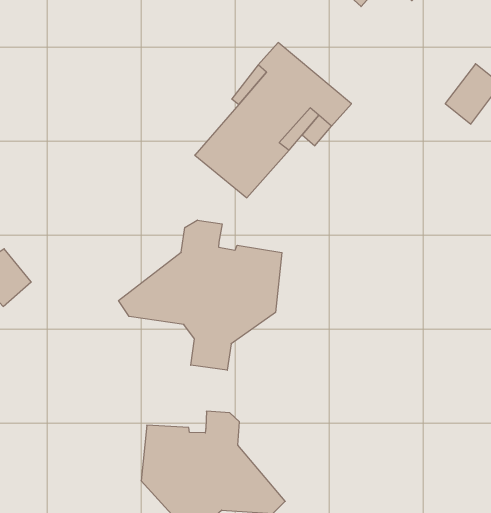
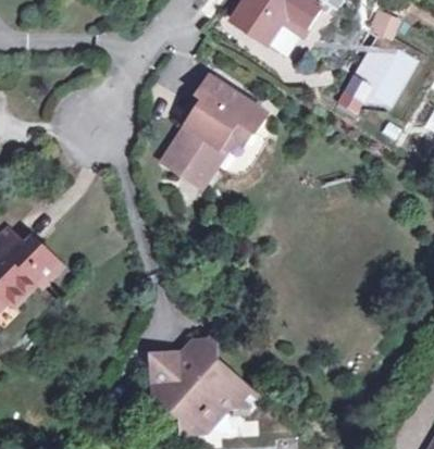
building: [119,220,282,370] -> none

